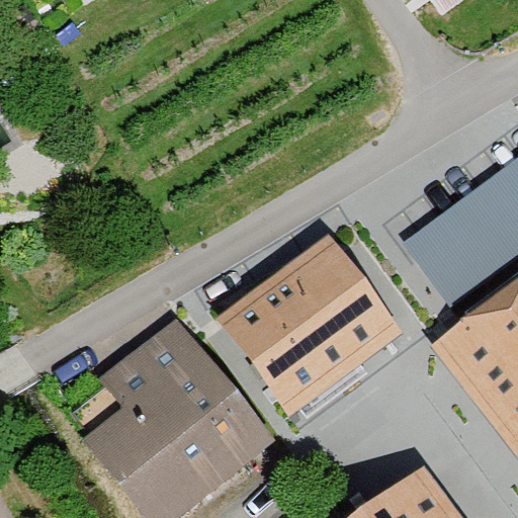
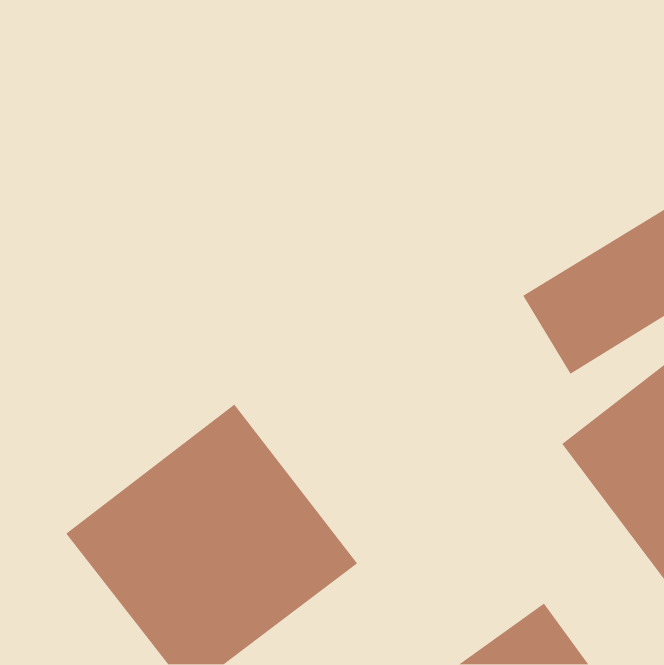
building: [219,237,401,415] -> none

